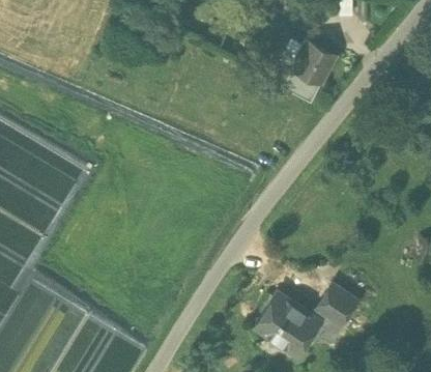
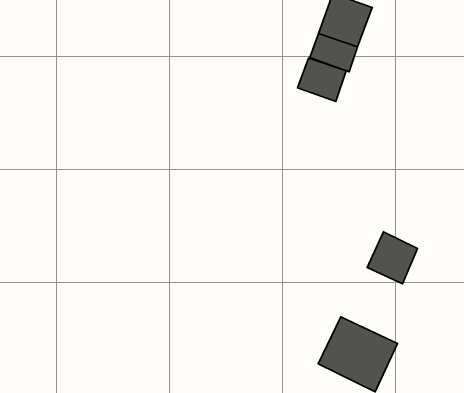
building: none -> [297,58,346,101]
building: [316,284,357,326] -> [367,232,418,284]

